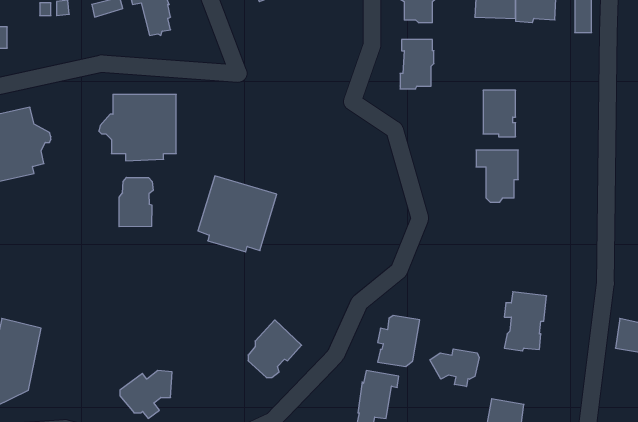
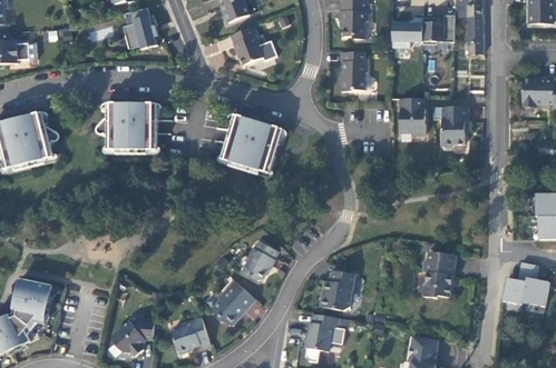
building: none -> [228,30,261,68]
building: [476,150,518,202] -> [438,103,471,145]
building: [198,176,277,252] -> [225,111,287,171]
building: [119,177,153,227] -> none
building: none -> [246,239,282,278]
building: [430,349,479,387] -> none
building: none -> [175,315,214,352]

